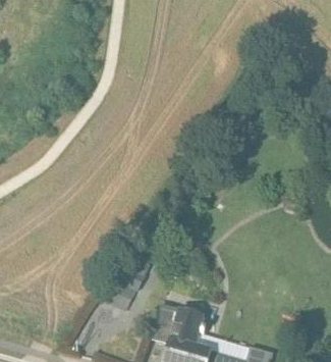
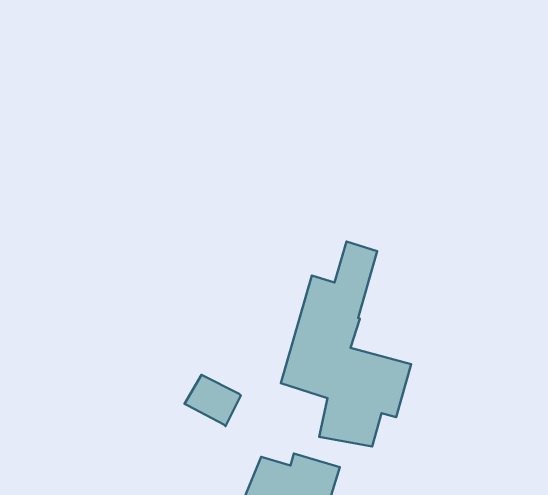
building: none -> [281,241,411,446]

